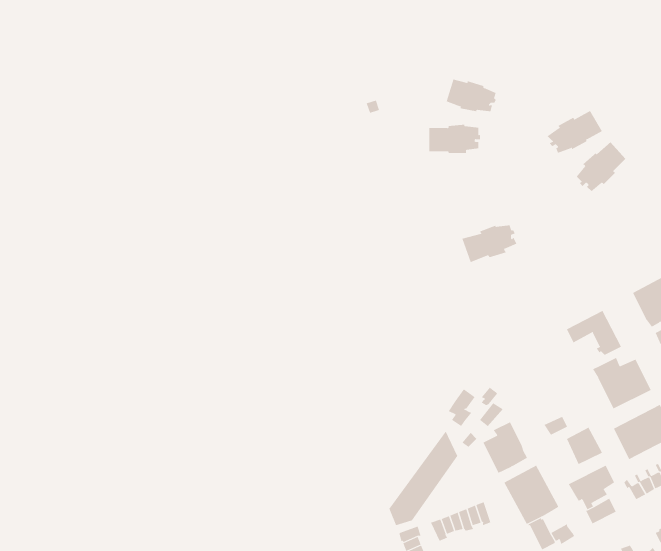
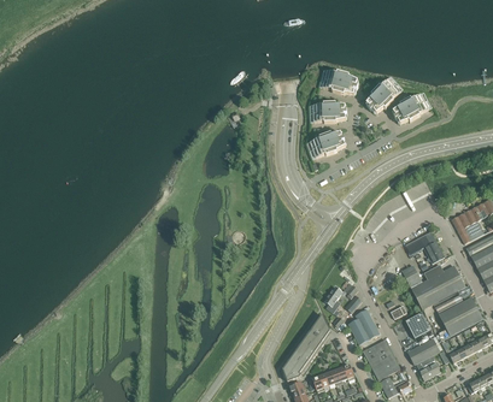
building: [576,142,626,192] -> [365,78,400,113]
building: [461,225,517,263] -> [306,132,345,159]
building: none -> [401,265,438,308]

